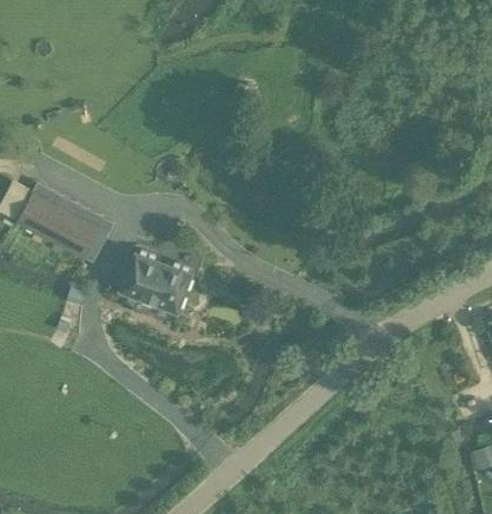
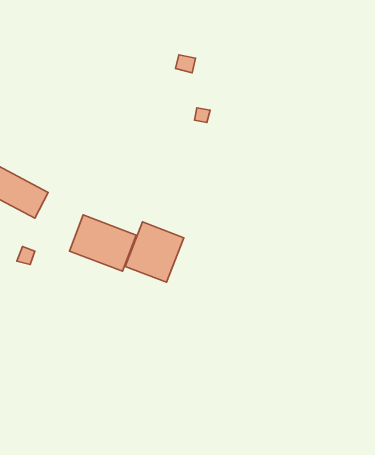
building: none -> [125,222,184,282]

